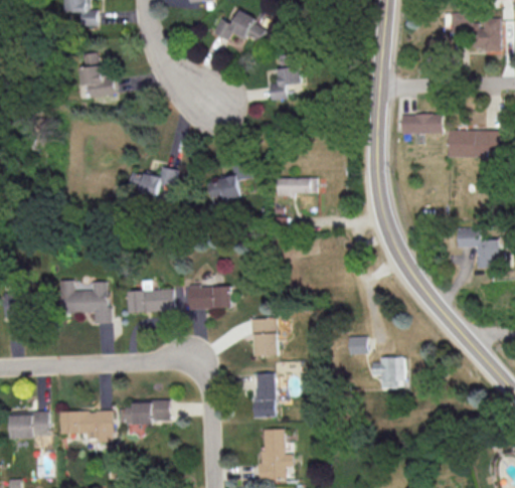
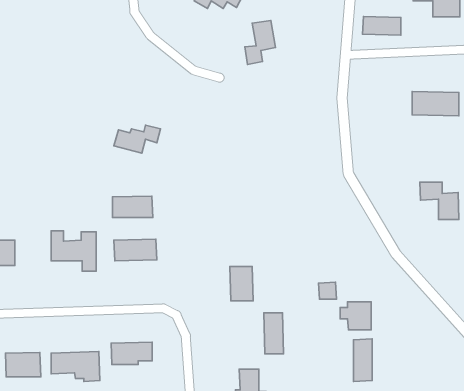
building: [79,52,117,99] -> none
building: [401,115,443,135] -> [362,16,401,35]
building: [208,165,251,202] -> none
building: [276,177,317,195] -> none
building: [188,286,231,309] -> [112,196,153,218]
building: [254,373,276,418] -> [264,313,283,354]
building: none -> [353,339,372,381]

